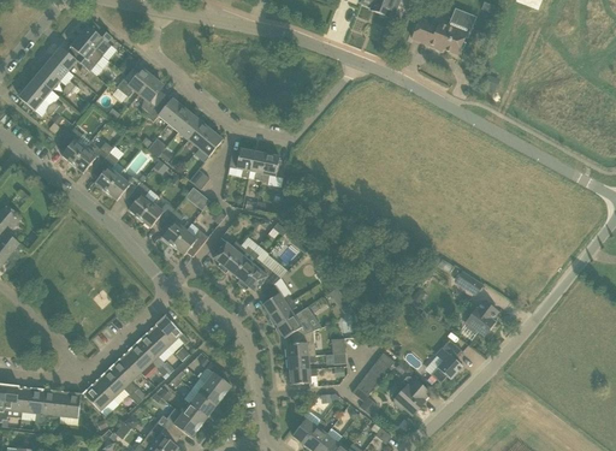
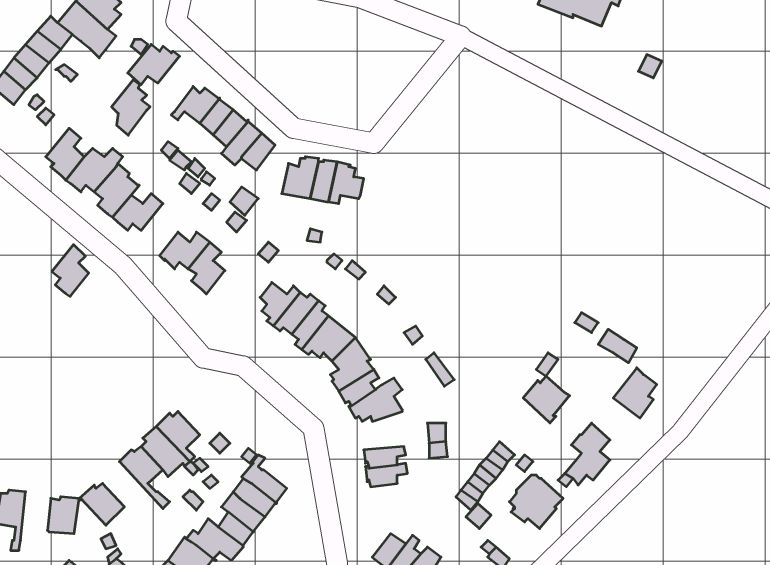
building: [137,76,165,115] -> [112,80,150,135]
building: [125,182,152,219] -> [52,245,89,296]
building: [172,224,207,257] -> none
building: none -> [523,376,570,423]
building: [152,315,186,348] -> none
building: [284,331,314,358] -> none
building: [97,367,141,404] -> none
building: [38,388,60,425] -> none

